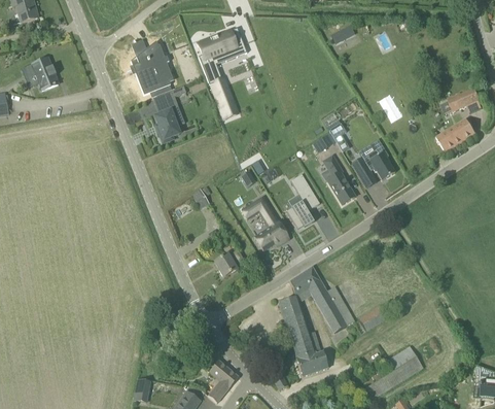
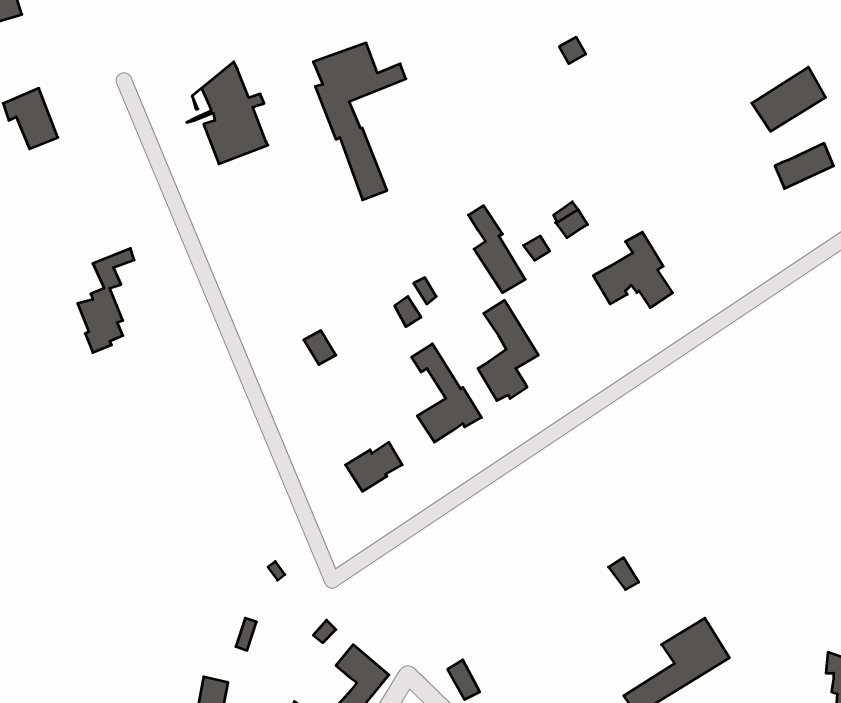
building: [154,86,185,142] -> [78,248,134,353]
building: [435,117,475,152] -> [752,67,826,131]
building: [322,155,353,202] -> [468,206,525,293]
building: [279,266,354,375] -> none

